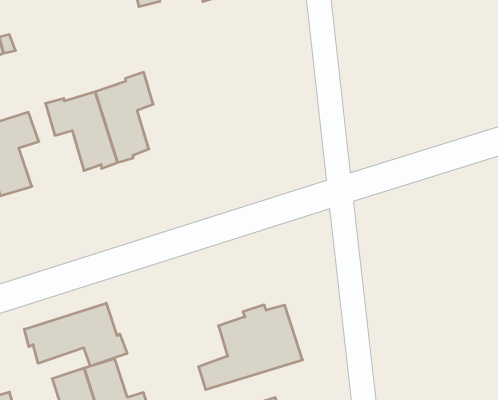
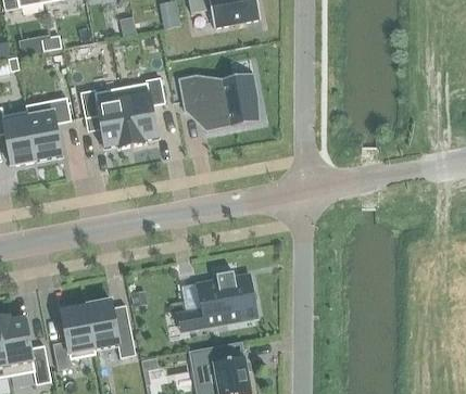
building: none -> [176,72,259,130]
building: [24,303,127,366] -> none

